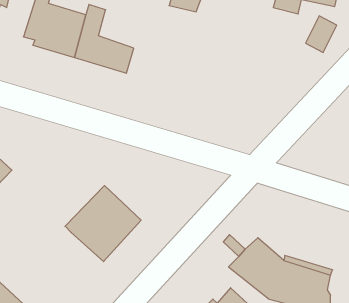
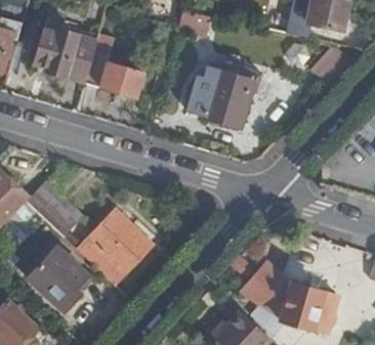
building: none -> [189,71,252,128]
building: none -> [27,186,79,236]
building: none -> [29,246,87,306]

